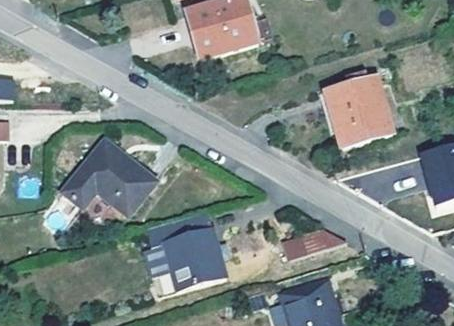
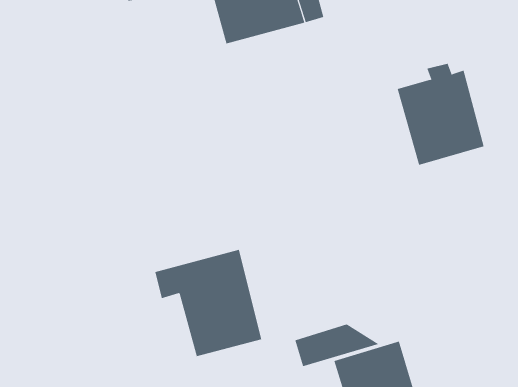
building: [63,139,157,216] -> none
building: [284,228,347,260] -> [294,324,379,367]

